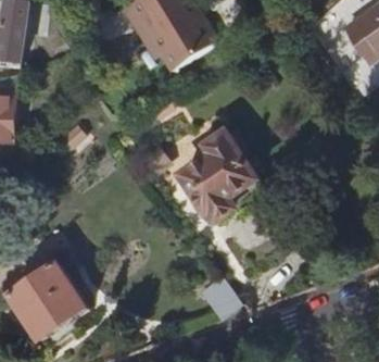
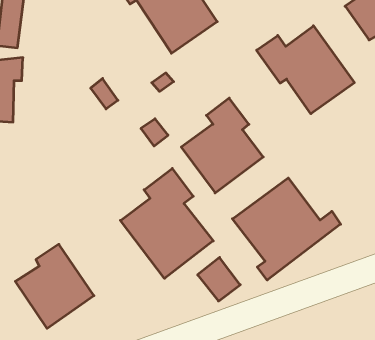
building: none -> [257,26,354,114]
building: none -> [120,168,213,278]
building: none -> [232,178,341,280]

